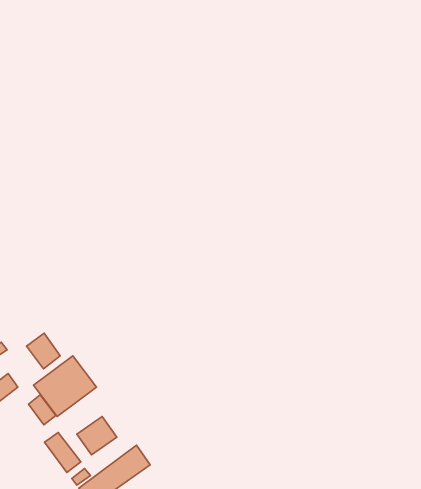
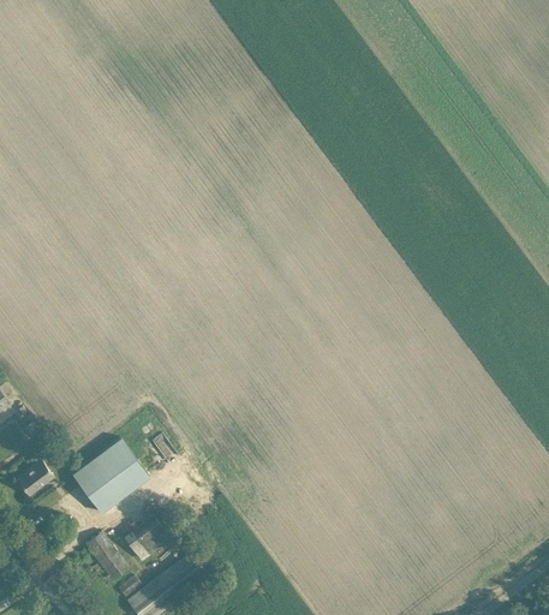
building: [26,333,60,369] -> none
building: [28,395,56,425] -> none

